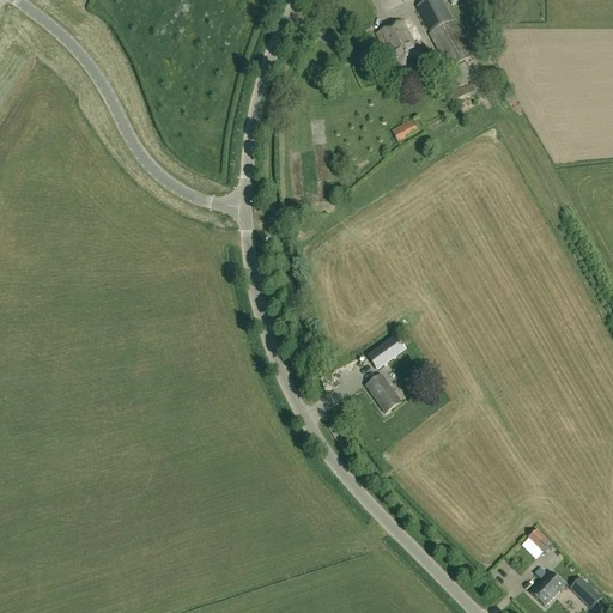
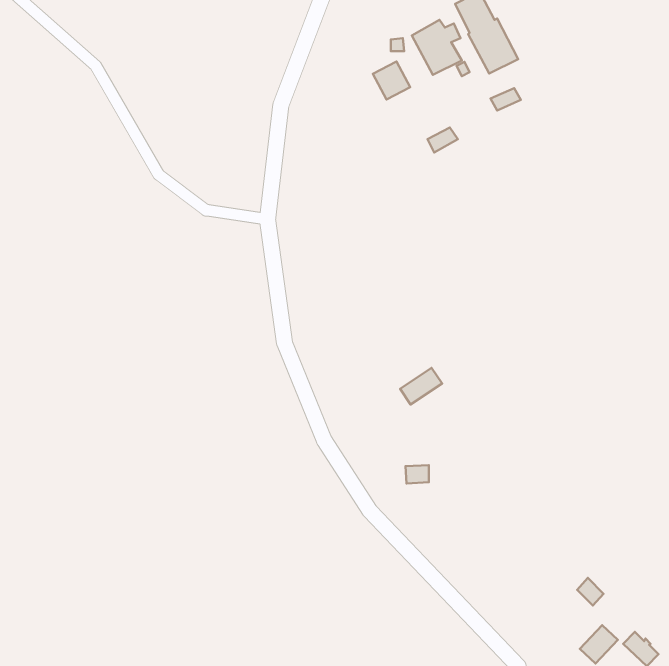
building: none -> [373,61,410,99]
building: [365,374,400,411] -> none

